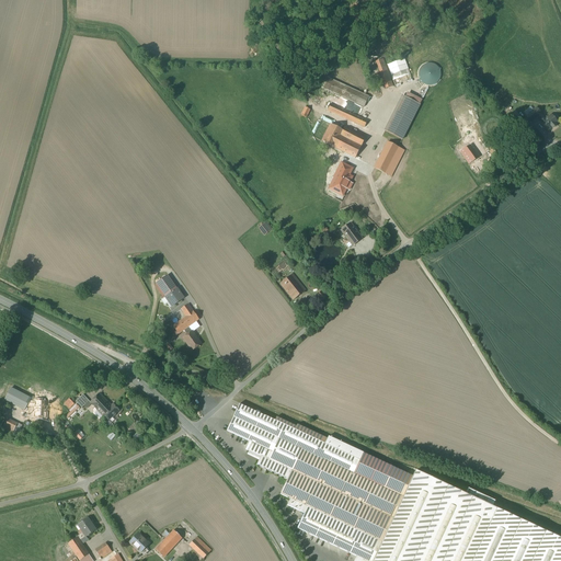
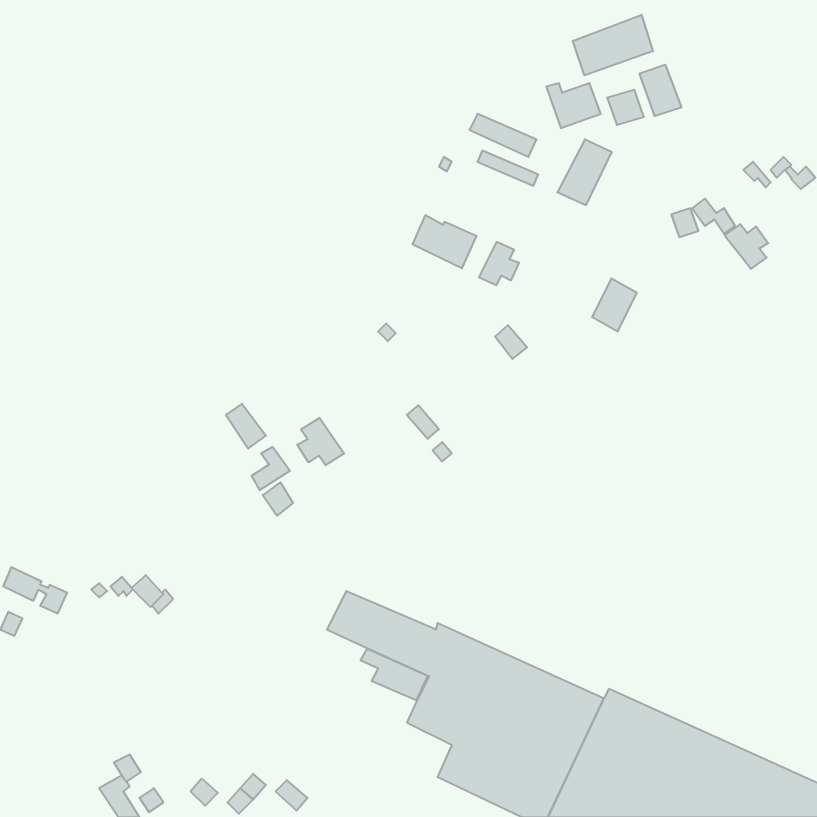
building: none -> [573,15,653,75]
building: none -> [640,65,682,116]
building: [321,123,365,159] -> [412,215,477,268]
building: [374,141,404,178] -> [592,278,637,331]
building: none -> [725,224,768,269]
building: none -> [297,418,344,465]

